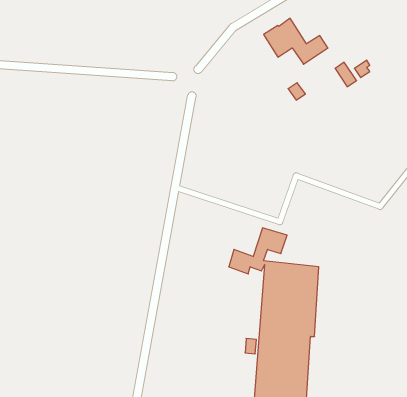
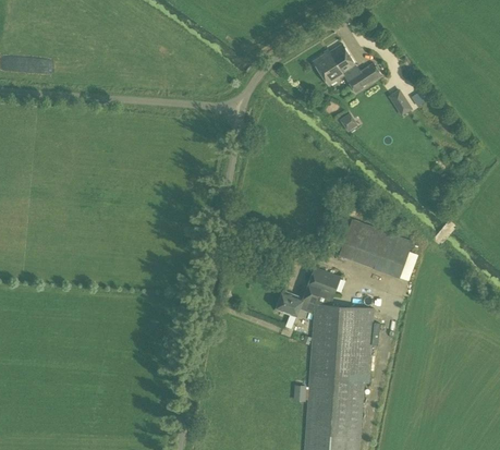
building: none -> [339,219,413,278]

